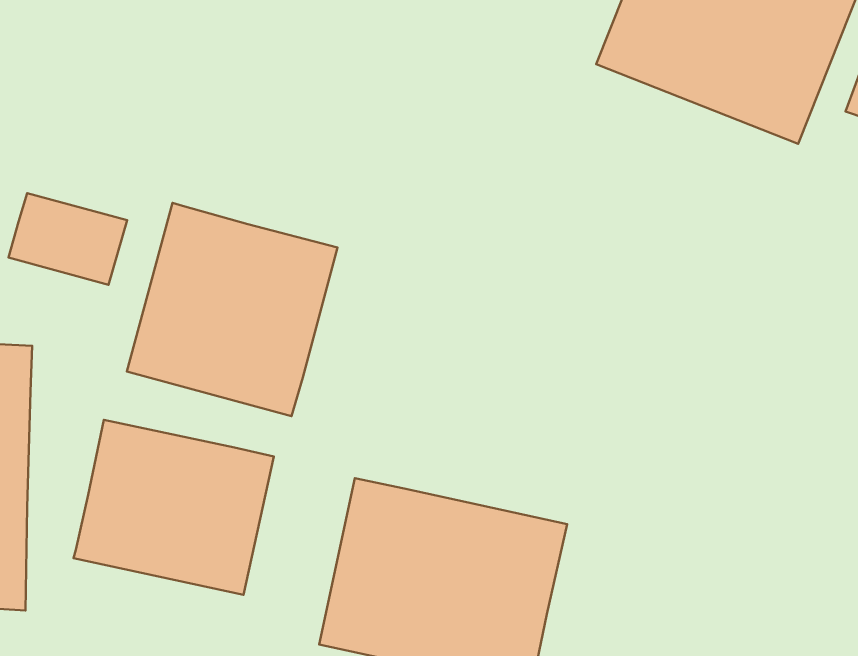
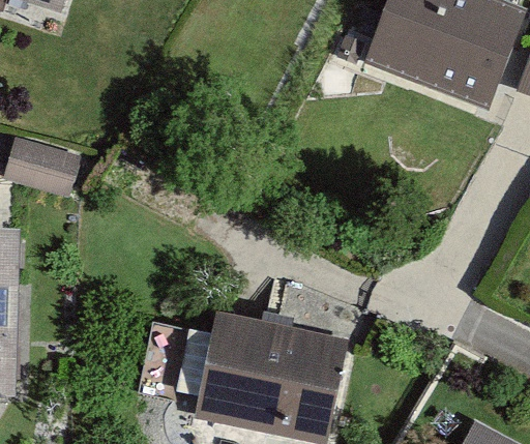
building: [127,203,337,416] -> none
building: [74,420,274,595] -> none

